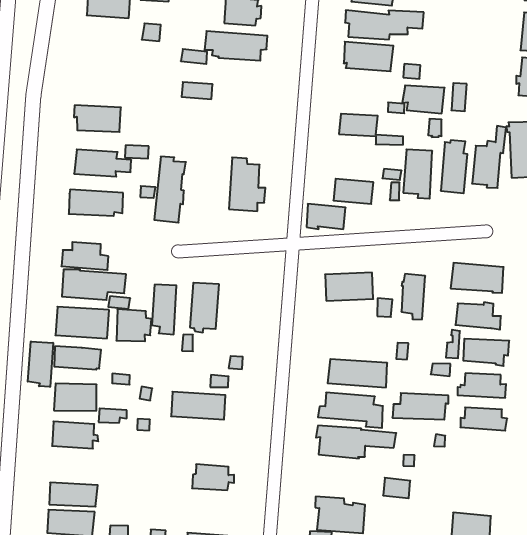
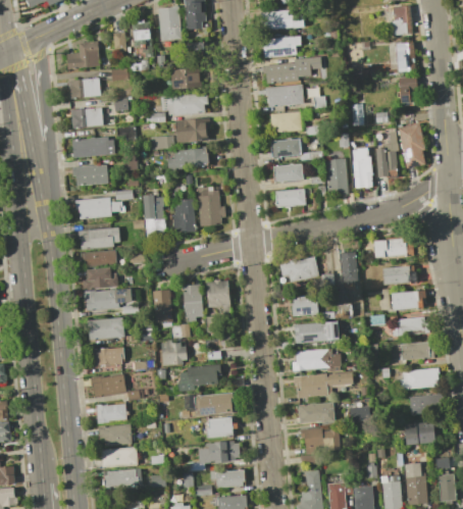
building: none -> [70,108,104,130]
building: none -> [175,118,208,143]
building: none -> [71,137,117,158]
building: [402,85,445,113] -> [270,111,301,133]
building: none -> [167,148,208,169]
building: none -> [172,199,195,234]
building: [307,204,346,229] -> [272,163,302,183]
building: none -> [84,250,117,267]
building: none -> [206,281,230,307]
building: [116,309,152,341] -> [161,342,189,367]
building: none -> [291,294,318,316]
building: [28,341,53,387] -> none
building: [392,393,448,420] -> [398,367,439,391]
building: none -> [194,394,235,416]
building: none -> [99,425,133,448]
building: none -> [297,402,333,423]
building: none -> [408,394,442,415]
building: none -> [187,441,239,471]

